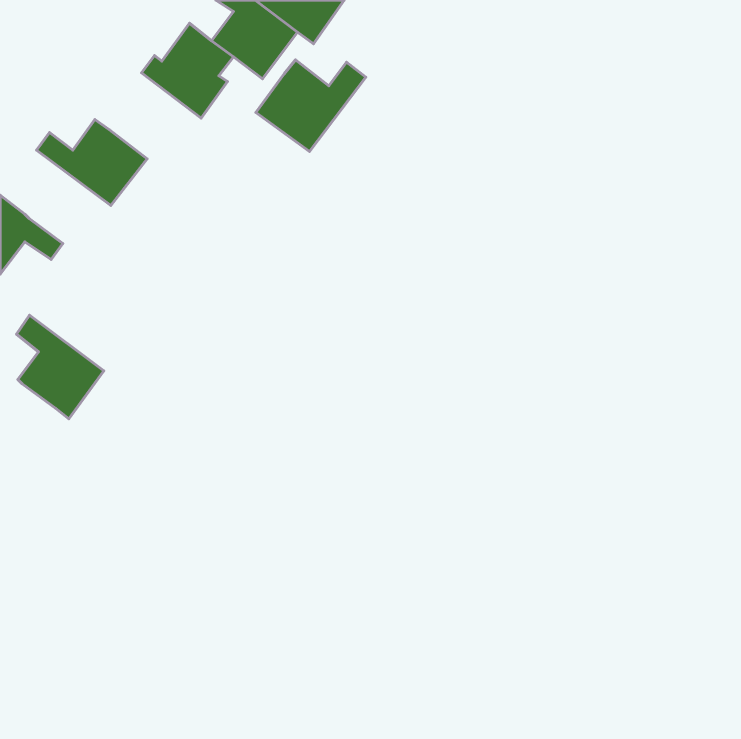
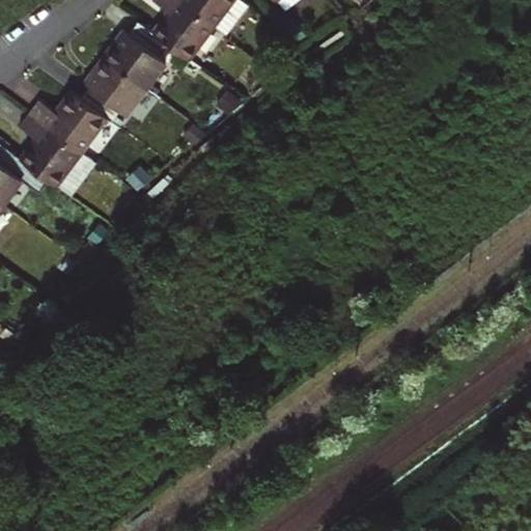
building: [256,60,366,152] -> none
building: none -> [81,56,146,120]
building: [16,315,104,419] -> [20,111,82,185]

